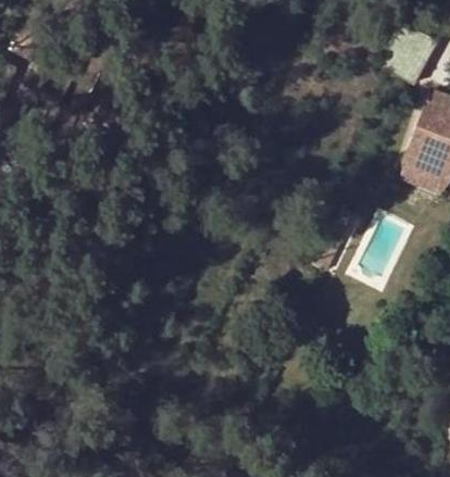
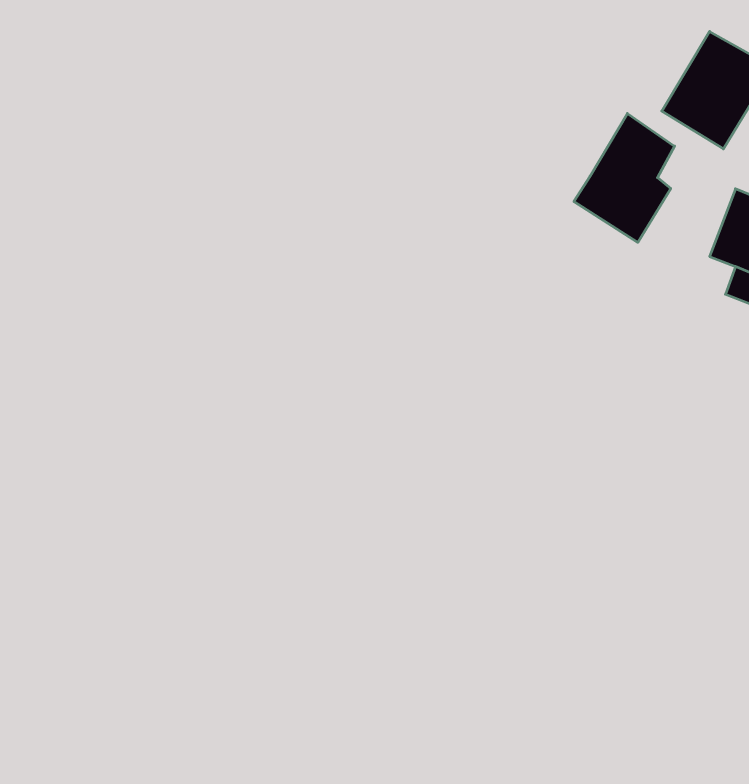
building: none -> [574,113,675,242]

